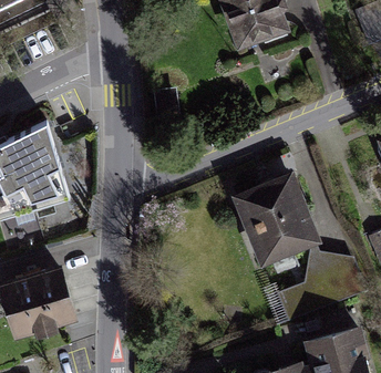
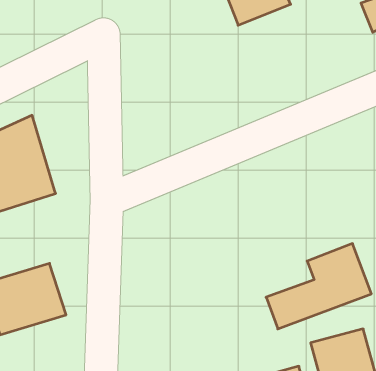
building: [235,170,320,263] -> none

